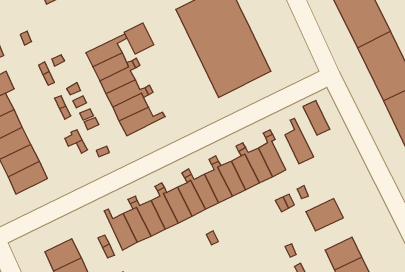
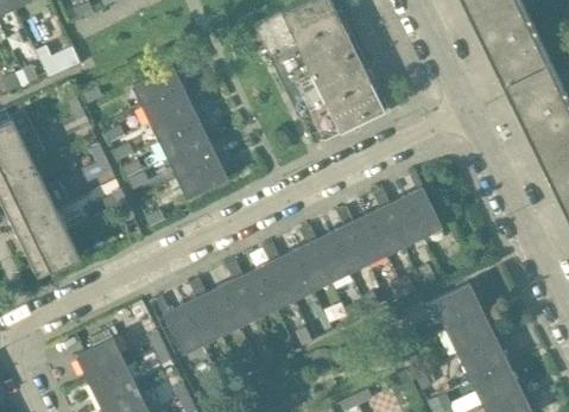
building: [124,23,154,54] -> none
building: [303,100,330,135] -> [385,197,422,245]
building: none -> [444,310,494,354]

